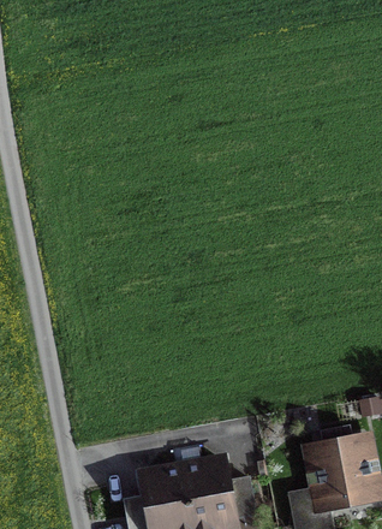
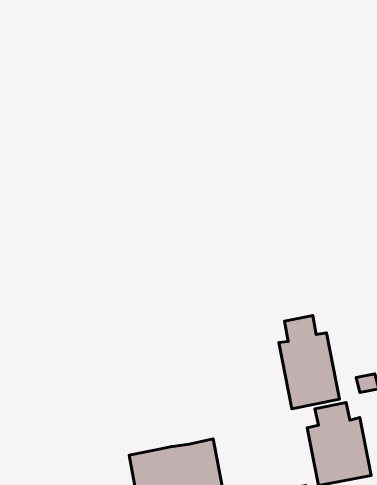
building: none -> [279,316,339,409]

